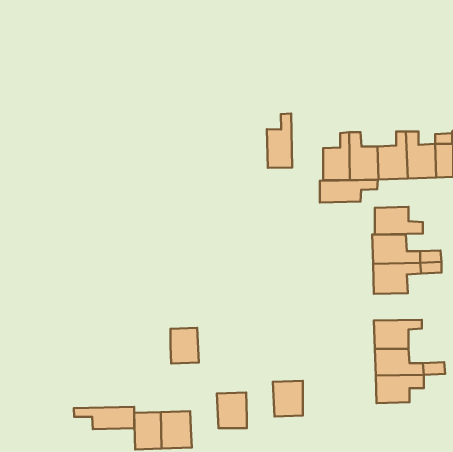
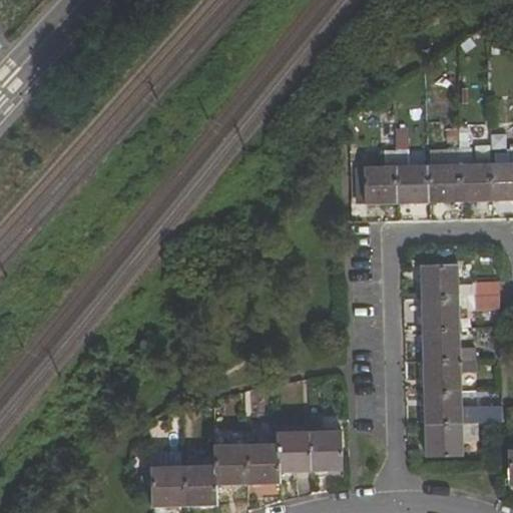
building: [267,114,292,168] -> none
building: [320,180,378,203] -> none
building: [375,207,423,234] -> [422,331,476,362]
building: [170,328,199,363] -> [214,444,246,484]
building: none -> [278,431,310,471]
building: [74,407,134,429] -> none

